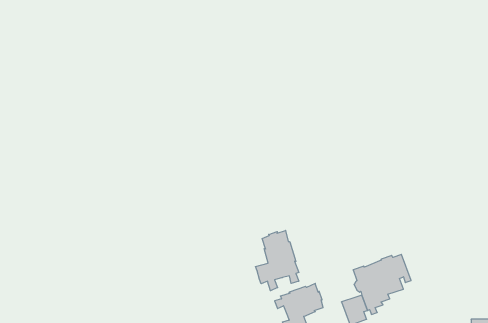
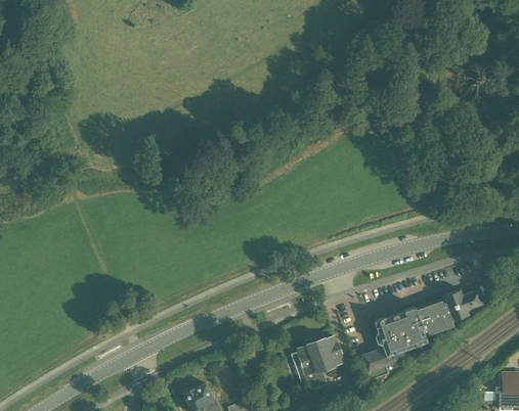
building: [255,230,299,291] -> none
building: none -> [425,290,482,333]

